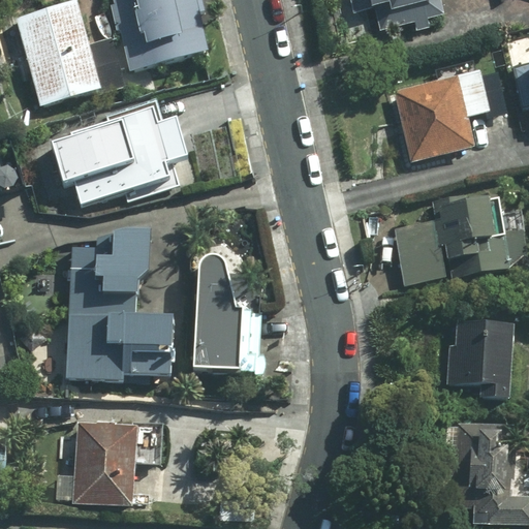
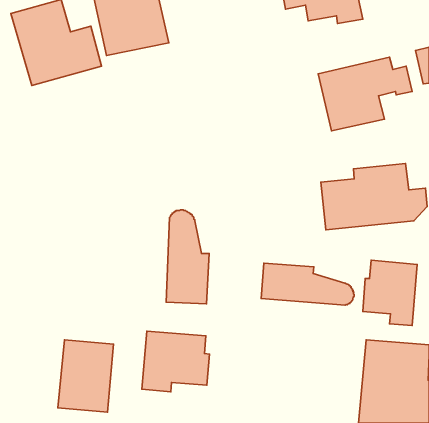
building: [42,98,197,212] -> none
building: [65,228,176,380] -> none
building: none -> [261,263,354,305]
building: none -> [142,331,210,392]

